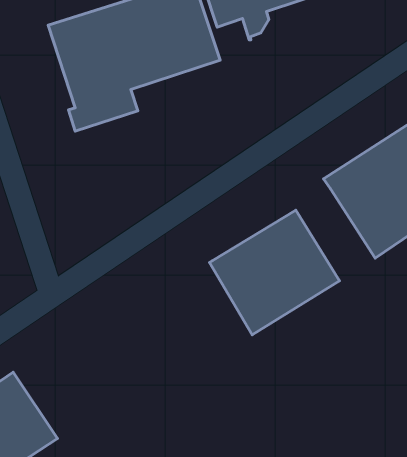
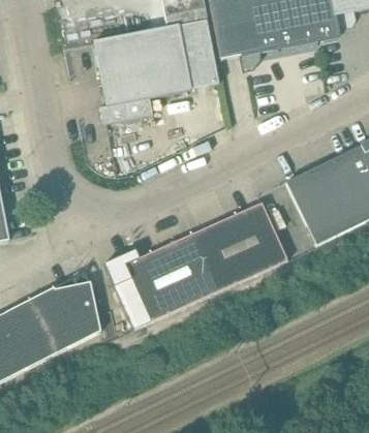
building: none -> [102,234,216,329]
building: none -> [34,272,99,350]

